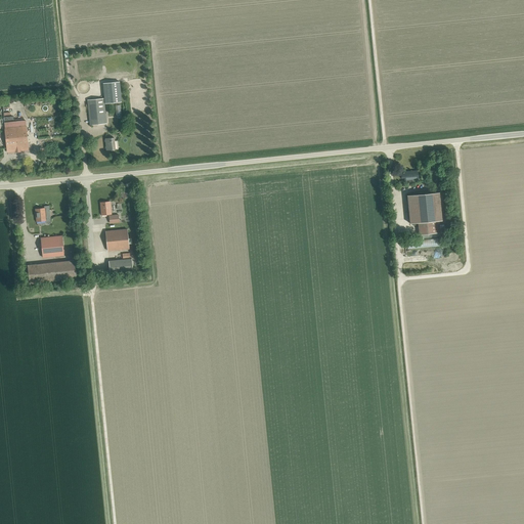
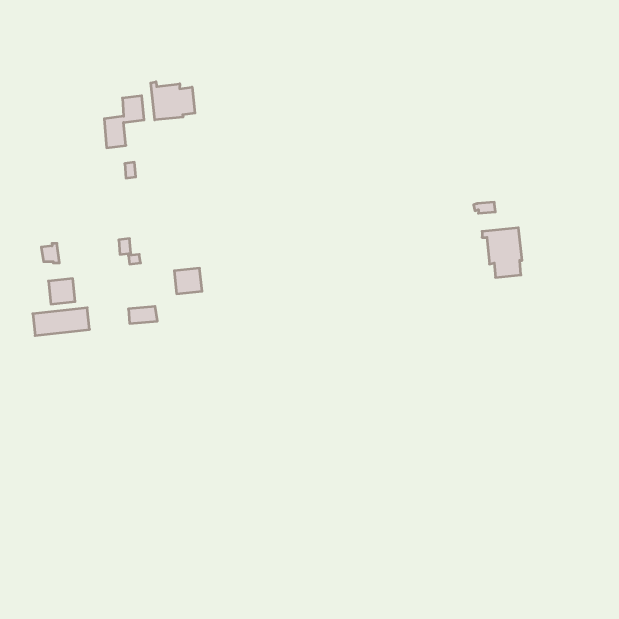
building: none -> [151,82,195,120]
building: [4,123,28,152] -> none
building: [105,229,129,251] -> [174,268,202,294]

